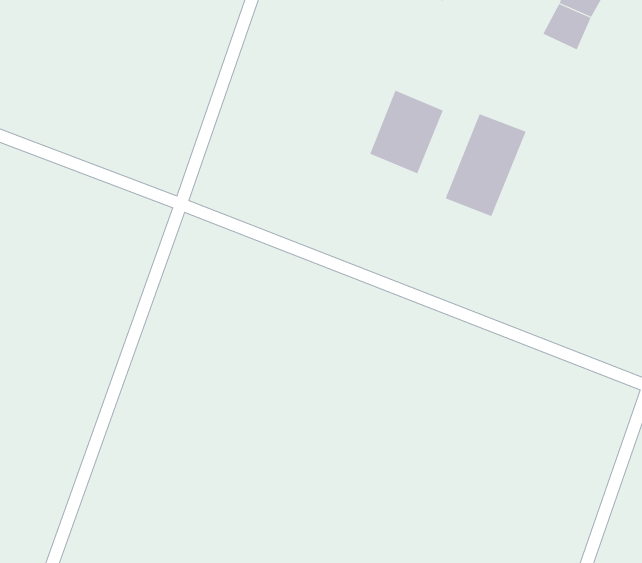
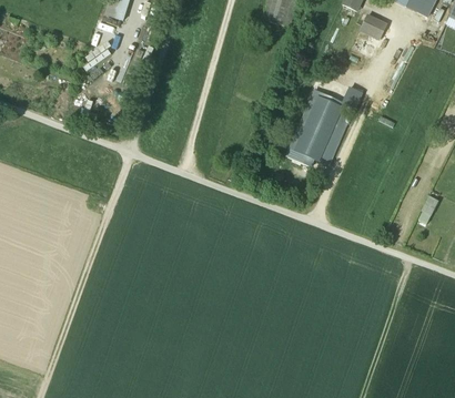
building: [369,90,443,174] -> none

